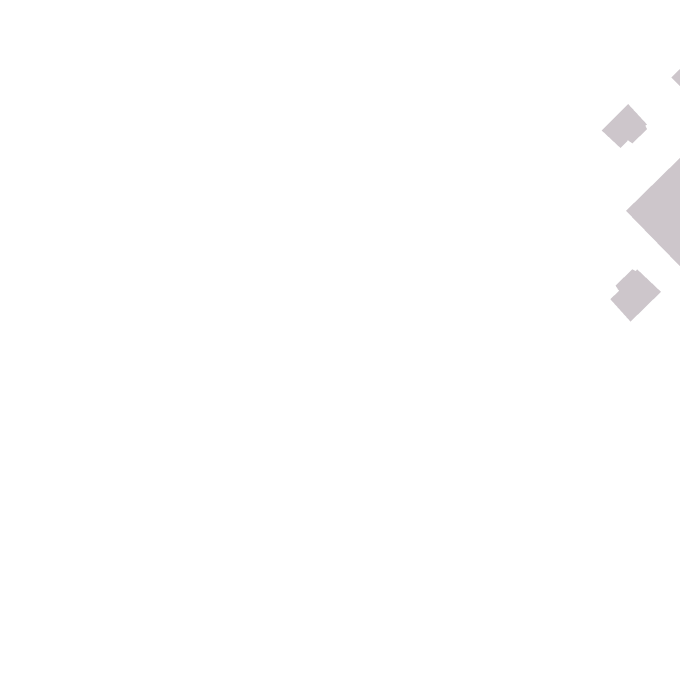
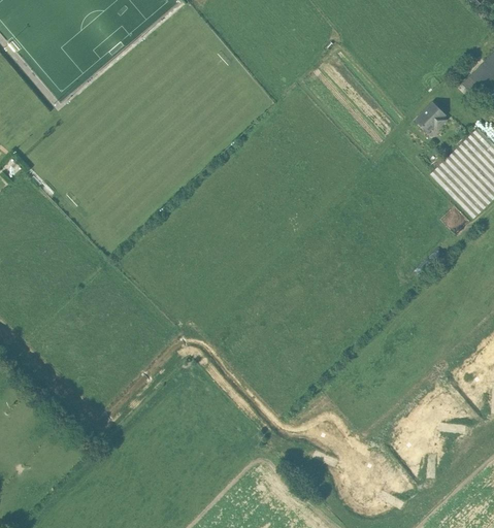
building: [610,268,662,323] -> none

